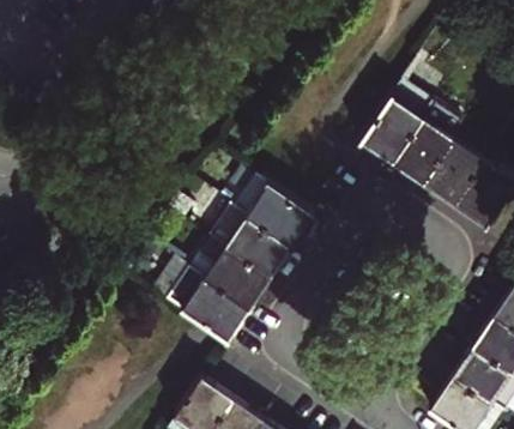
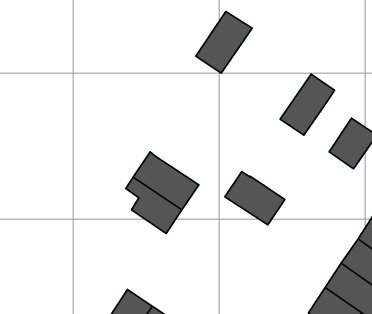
building: [363,85,435,164] -> [196,11,252,73]
building: [425,141,486,206] -> none
building: [236,180,313,248] -> [225,172,285,225]
building: [165,270,249,343] -> none

